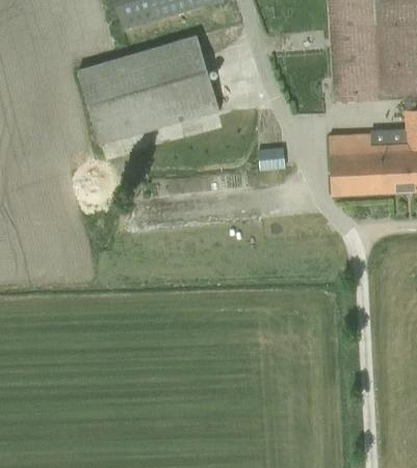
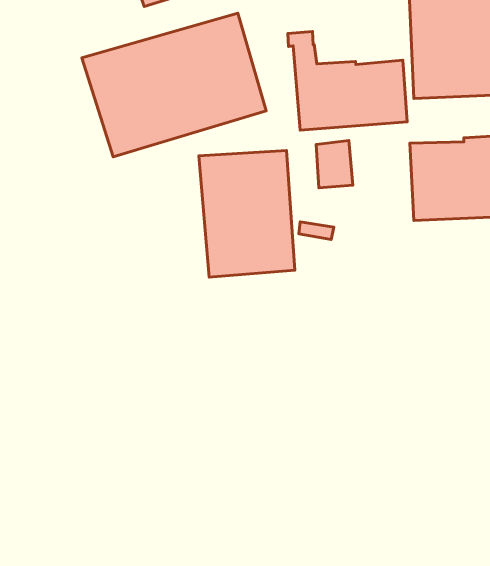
building: none -> [288,32,407,130]
building: none -> [199,150,295,277]

